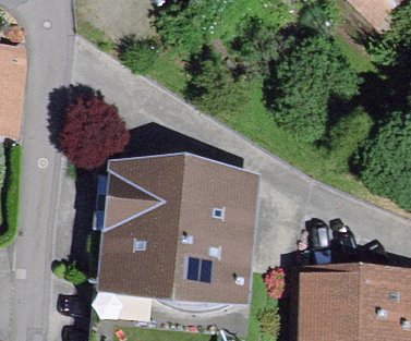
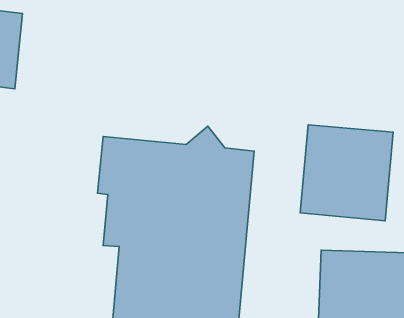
building: none -> [300,125,393,221]

